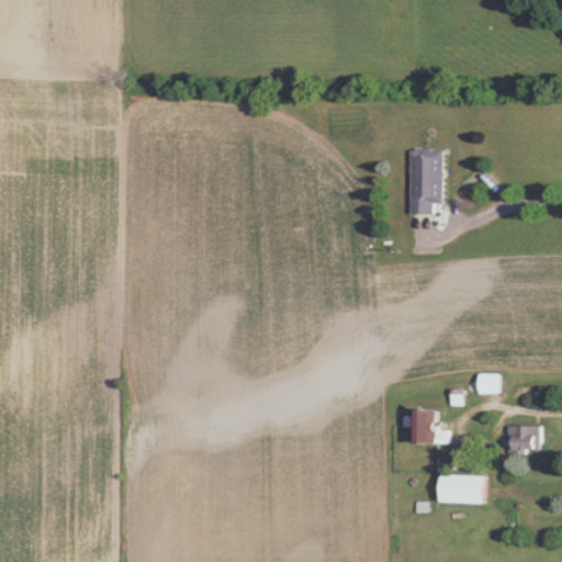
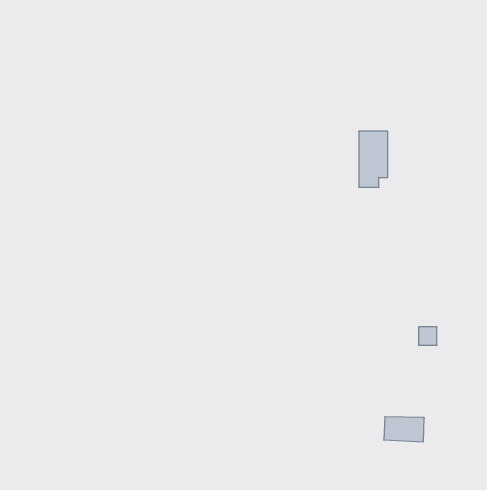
building: [411,408,447,442] -> none
building: [506,425,538,452] -> none

